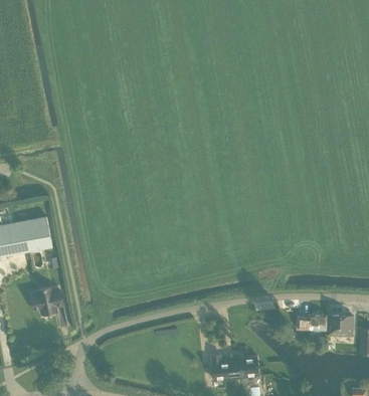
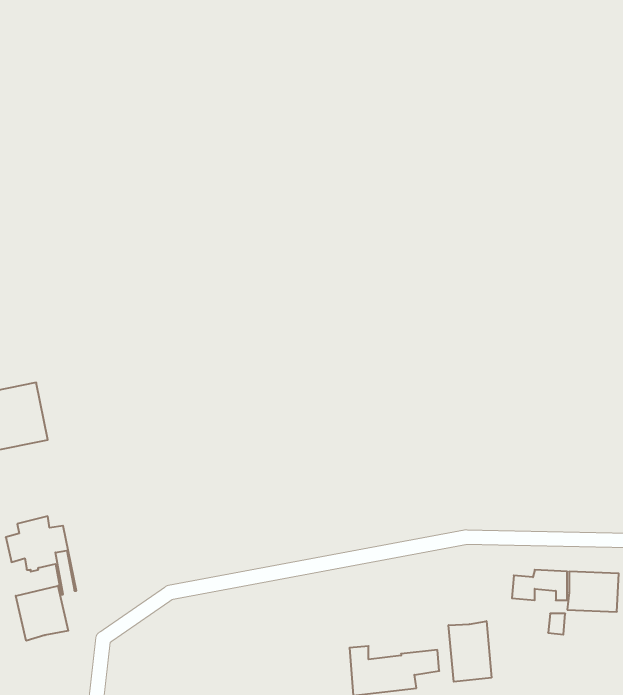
building: none -> [16,586,68,641]
building: none -> [449,621,491,682]

